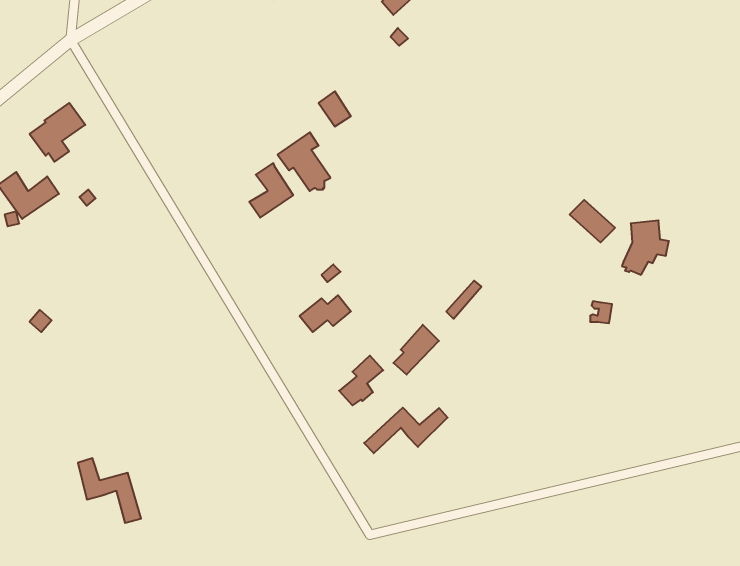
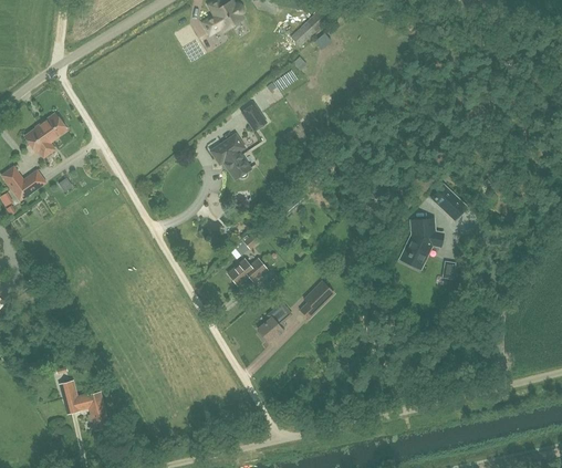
building: [249,163,293,218] -> none
building: [622,220,669,275] -> [405,217,440,258]
building: [364,408,448,453] -> none

